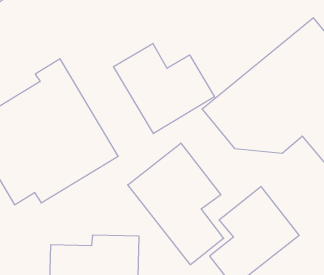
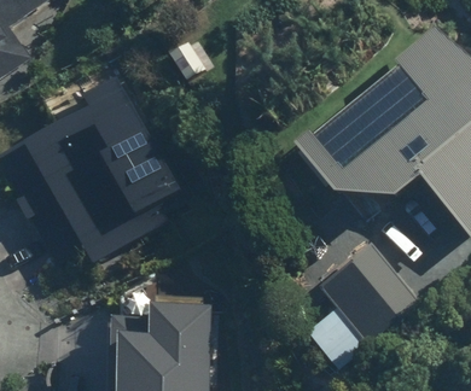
building: [114,43,215,134] -> none
building: [128,143,224,265] -> none

